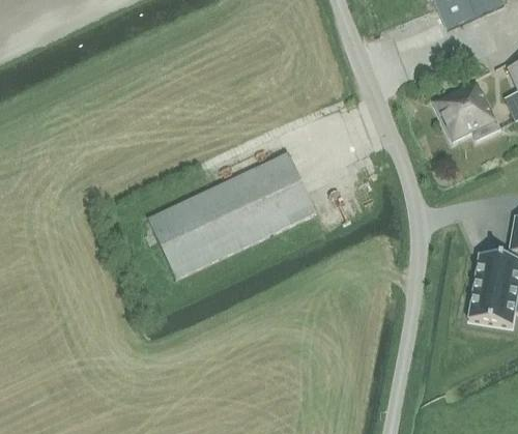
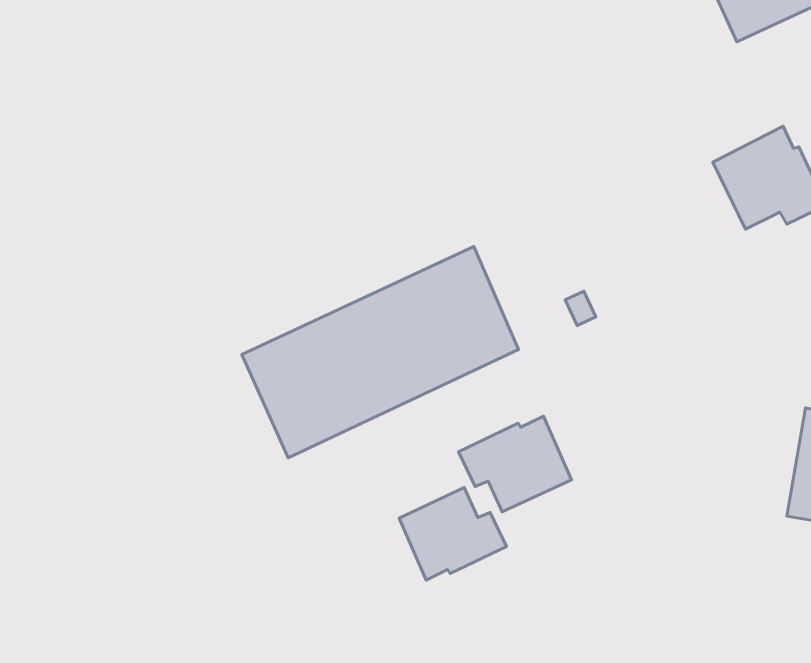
building: none -> [459,416,571,512]
building: none -> [399,488,506,580]

